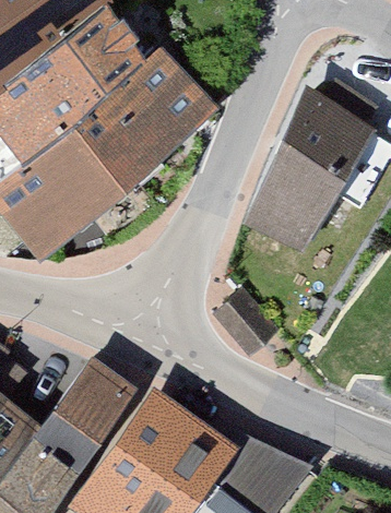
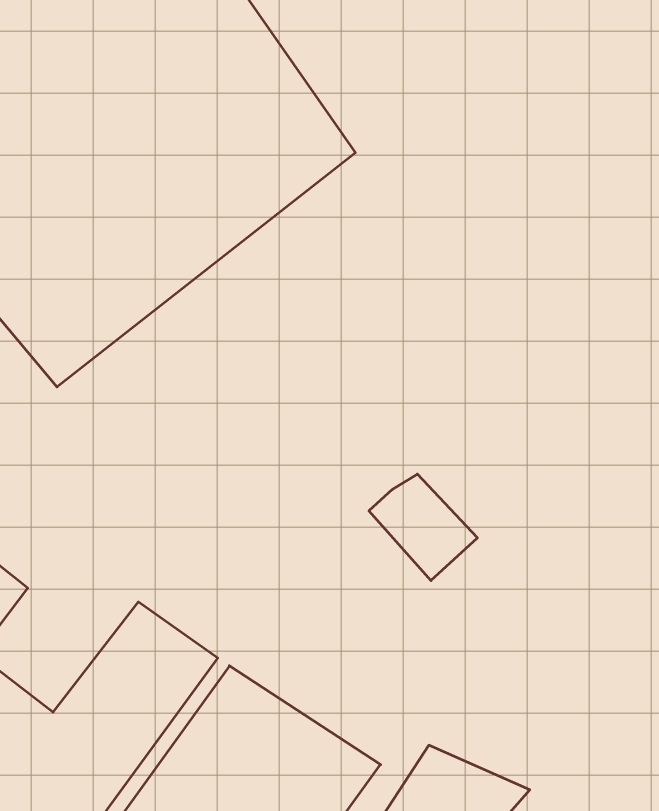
building: [234,81,377,266] -> none

